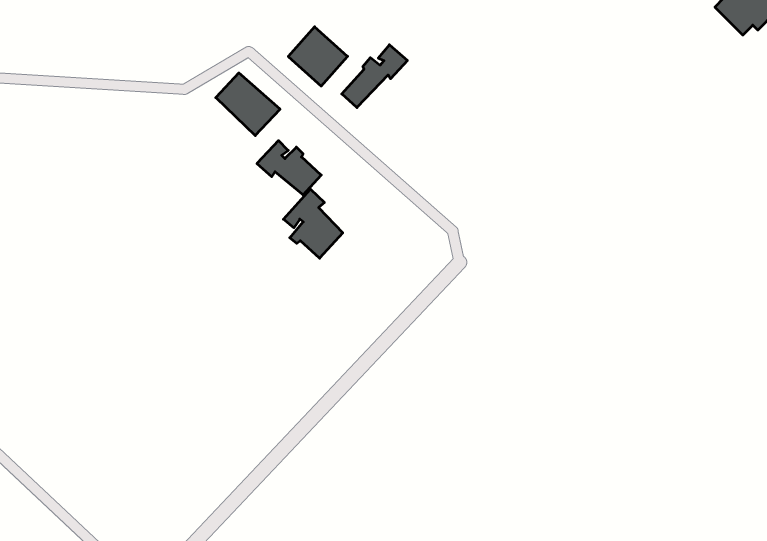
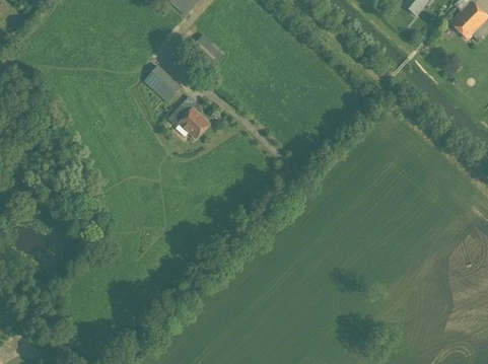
building: [342,45,407,108] -> none
building: [283,189,343,258] -> none

